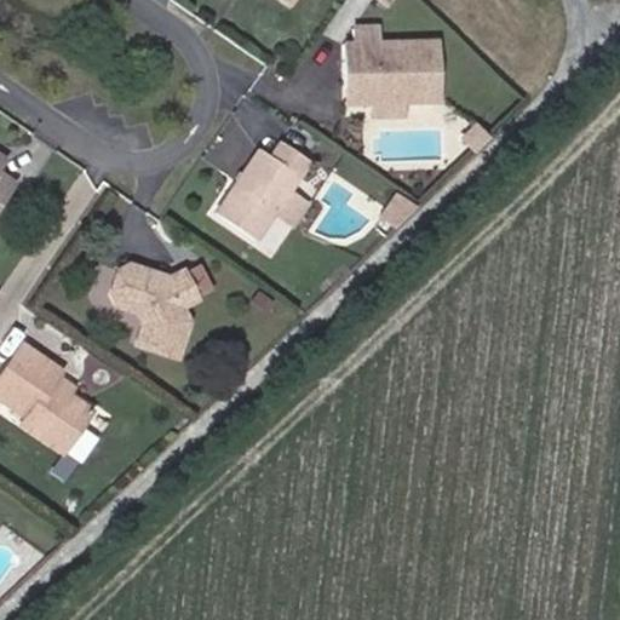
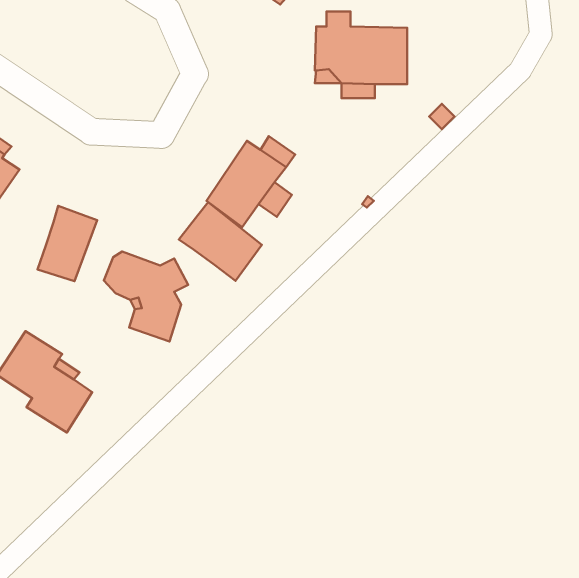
building: none -> [179,202,262,281]
building: none -> [38,206,97,281]

